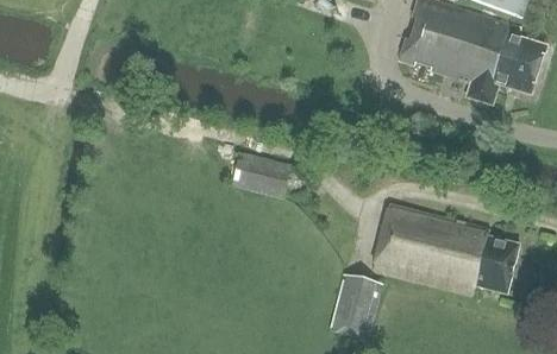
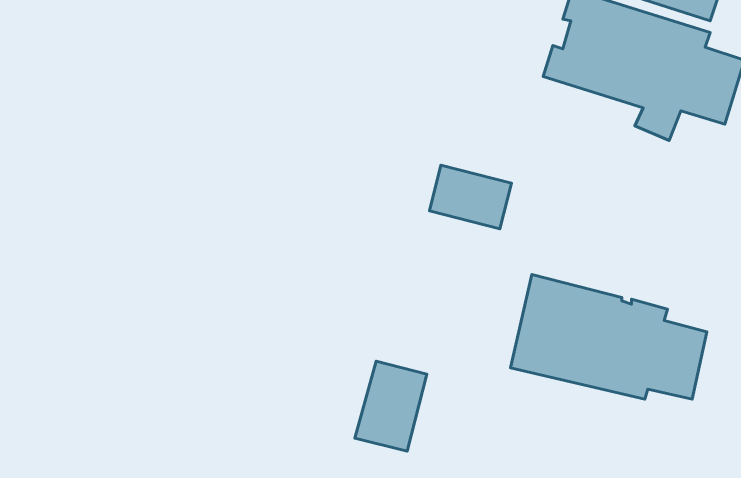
building: [231,151,290,197] -> [429,165,511,229]
building: [330,273,382,339] -> [355,361,427,451]

